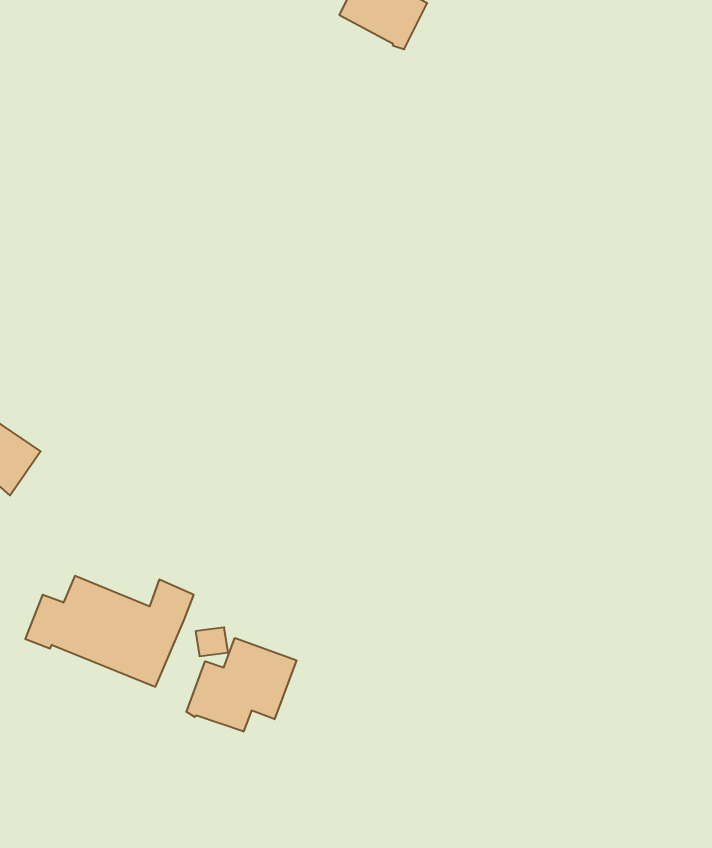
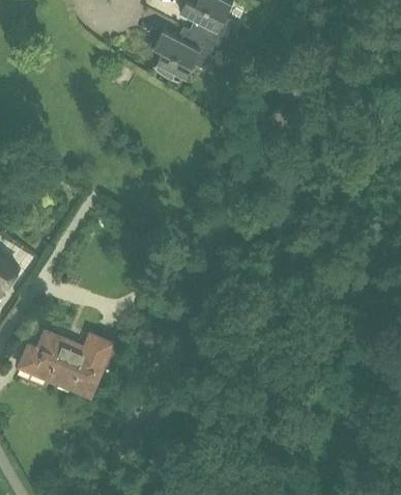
building: none -> [153,26,217,80]
building: [186,638,296,732] -> none

